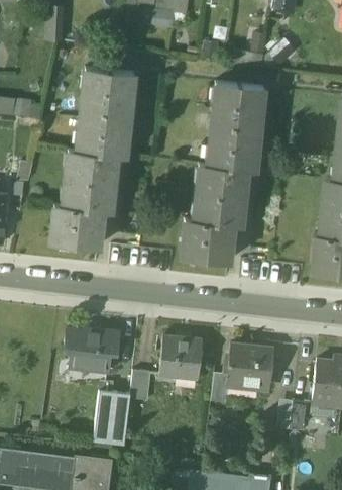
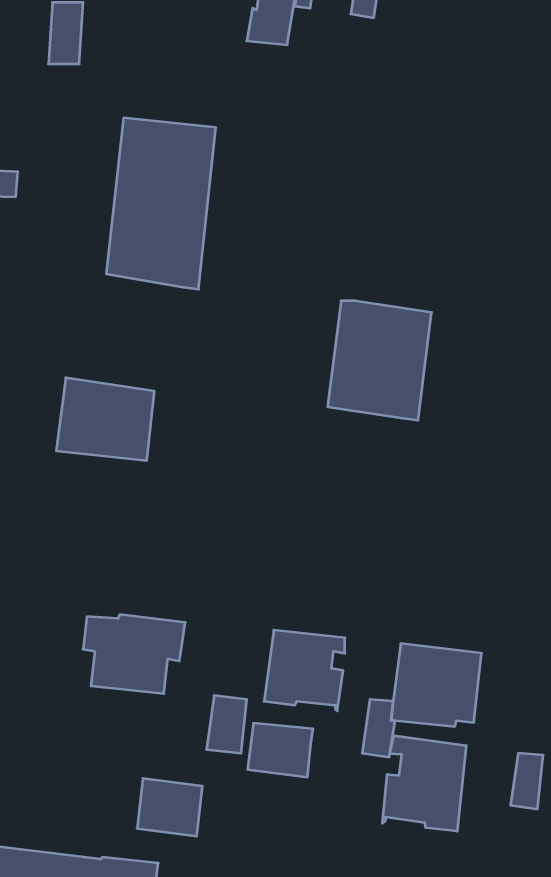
building: [207,83,263,172] -> none
building: [63,150,117,213] -> none
building: [181,219,232,263] -> none
building: [96,391,130,419] -> [248,723,313,777]
building: none -> [382,736,466,831]

